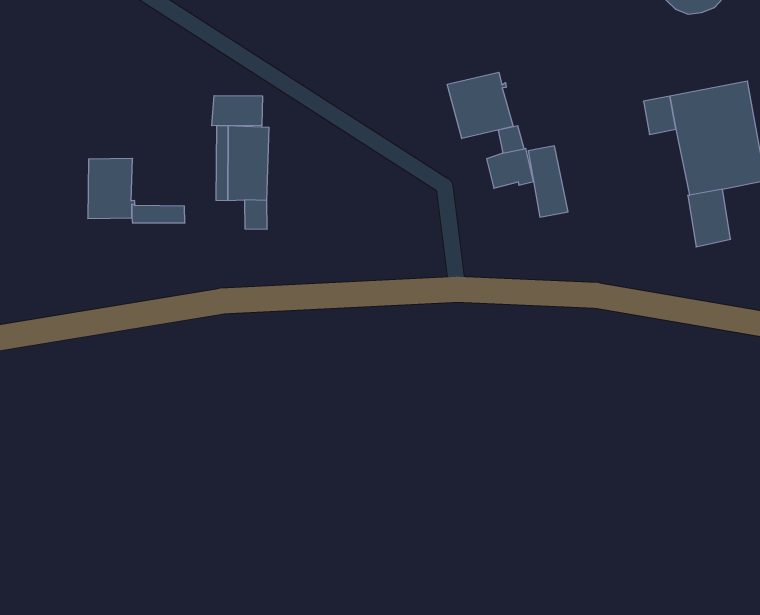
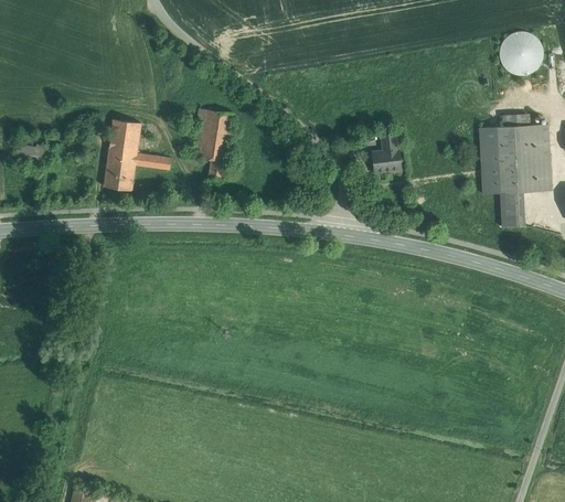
building: [447,72,513,139] -> none
building: [212,96,262,126] -> none
building: [528,146,568,217] -> [480,150,501,195]
building: none -> [104,159,136,191]

